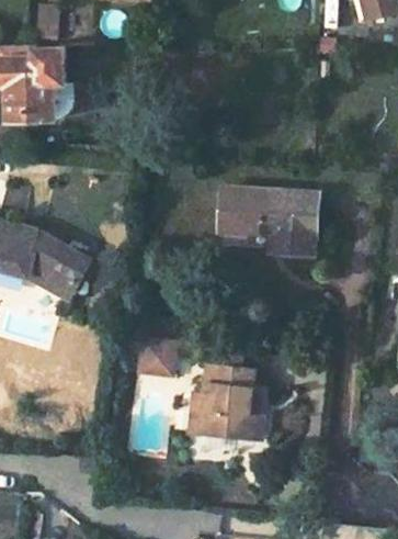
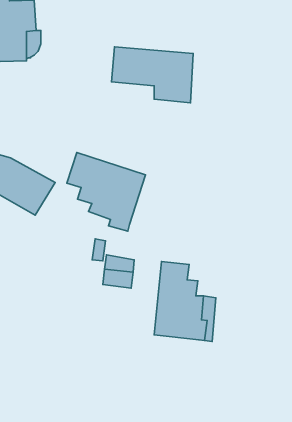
building: [218,189,312,254] -> [111,47,193,103]
building: none -> [67,152,146,231]

